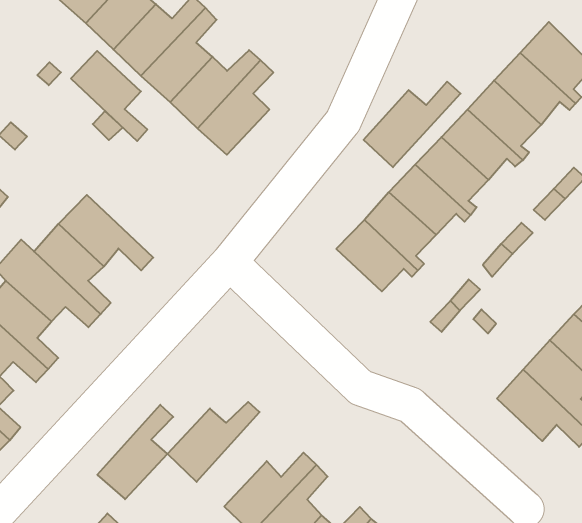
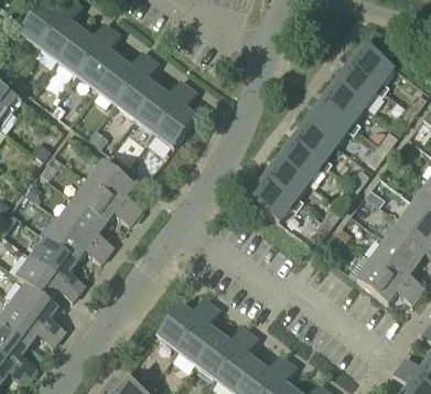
building: [71,51,147,141] -> [90,161,141,214]
building: [364,82,461,167] -> none
building: [97,405,173,499] -> [177,302,220,363]

